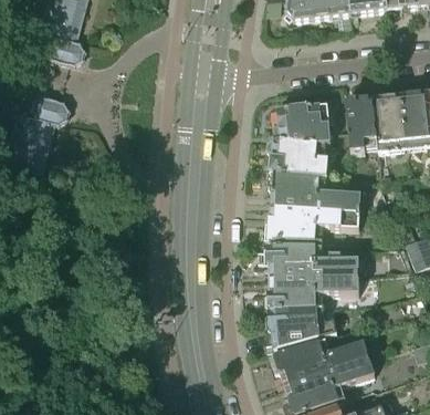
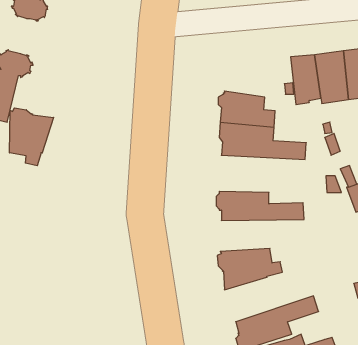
building: [274,103,332,144] -> none
building: none -> [10,108,54,166]
building: [266,206,361,240] -> none
building: [266,274,360,309] -> none
building: [273,339,370,384] -> none

